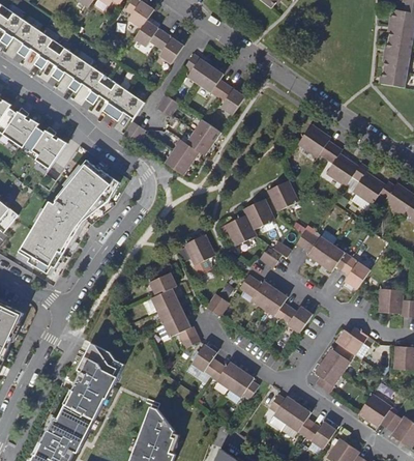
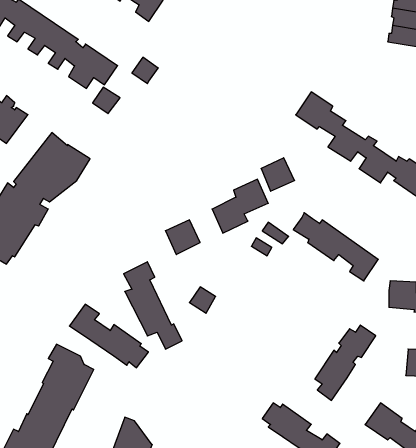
building: [184,53,244,115] -> none
building: [164,119,219,175] -> none
building: [238,273,312,333] -> none
building: [190,344,259,399] -> [69,304,148,368]

